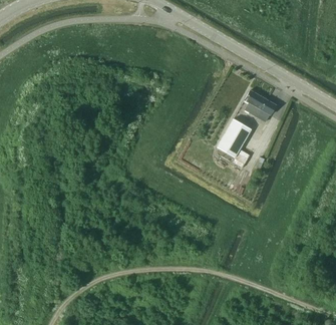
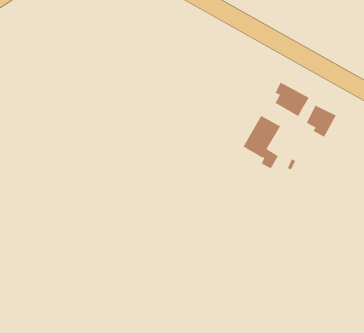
building: none -> [306,104,337,138]

